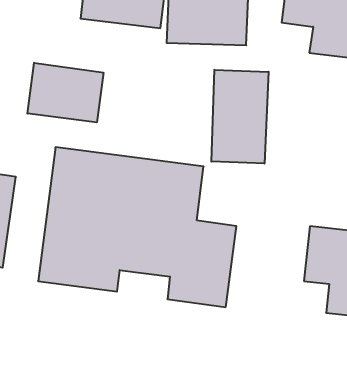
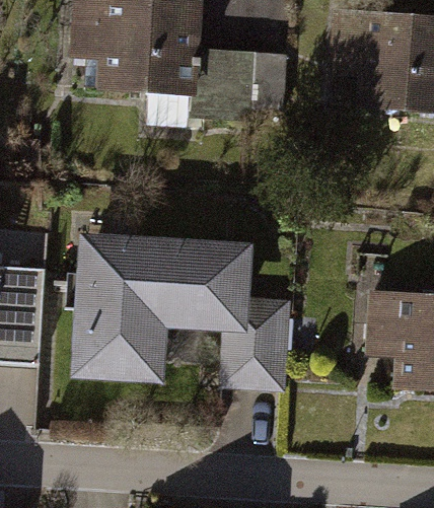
building: [27,63,103,122] -> none
building: [211,70,269,164] -> none

